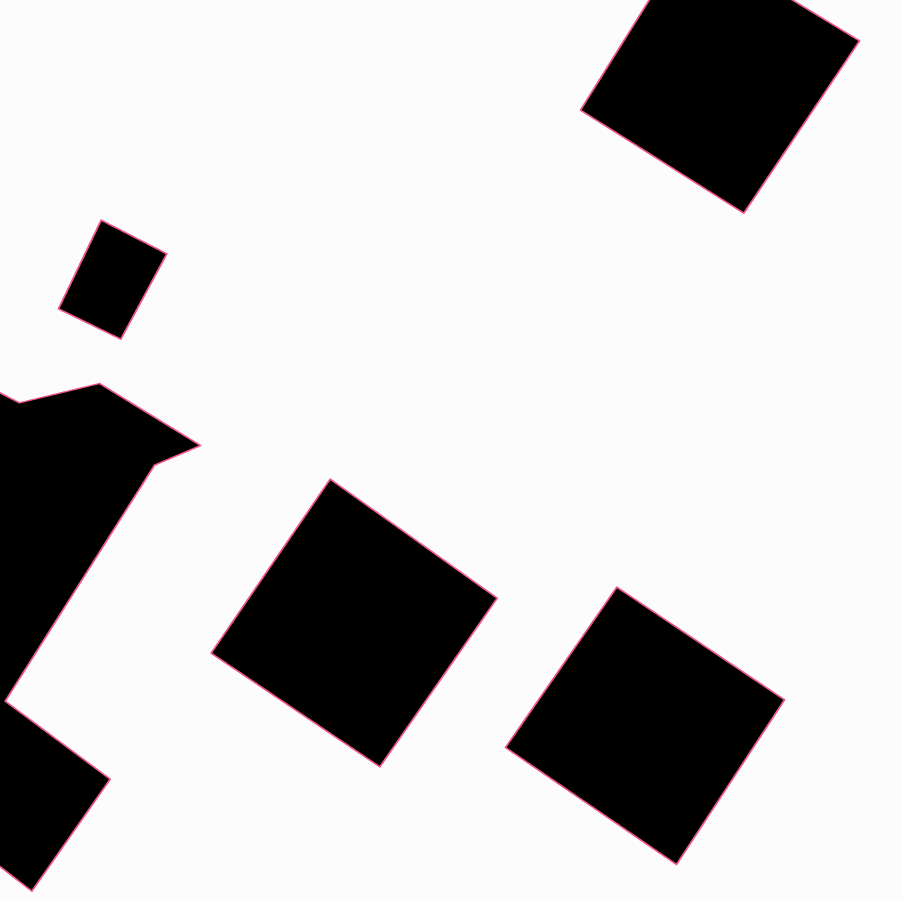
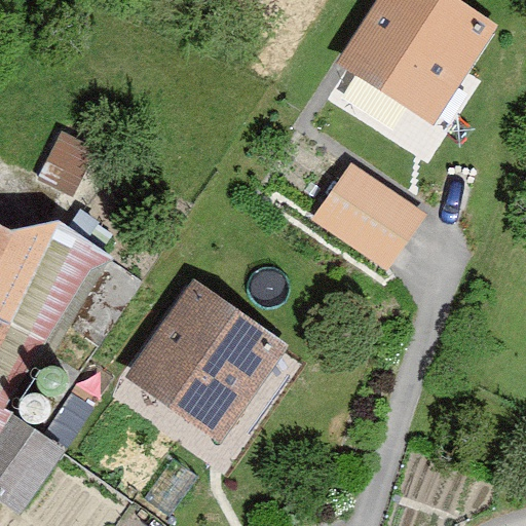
building: none -> [311,161,427,268]
building: [505,587,784,865] -> none

